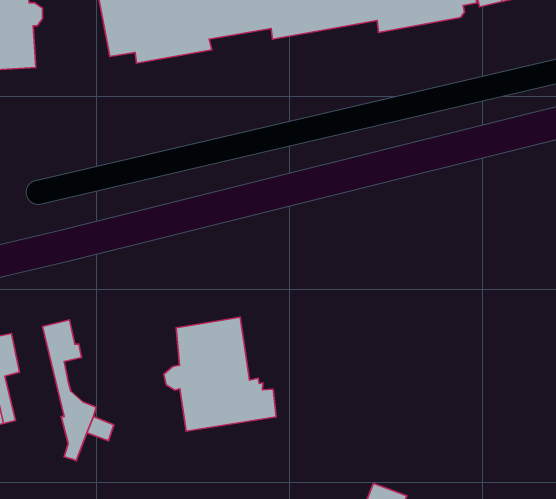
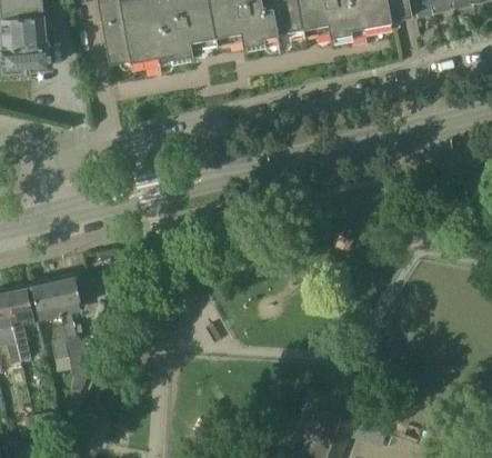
building: [164,317,276,431] -> none
building: none -> [32,281,71,359]

